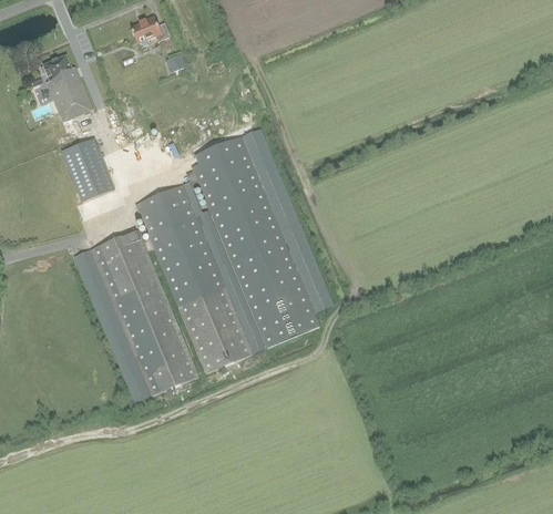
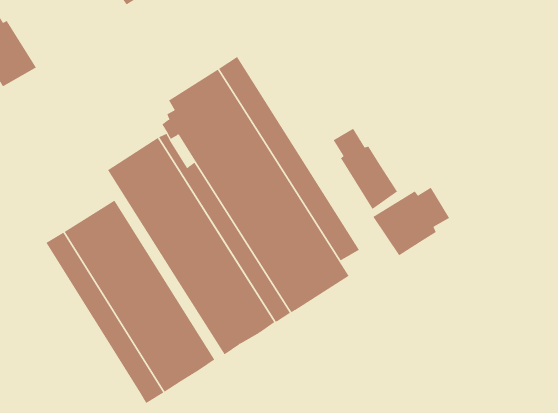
building: [61,137,114,203] -> none
building: none -> [333,128,398,210]
building: none -> [372,187,450,256]

